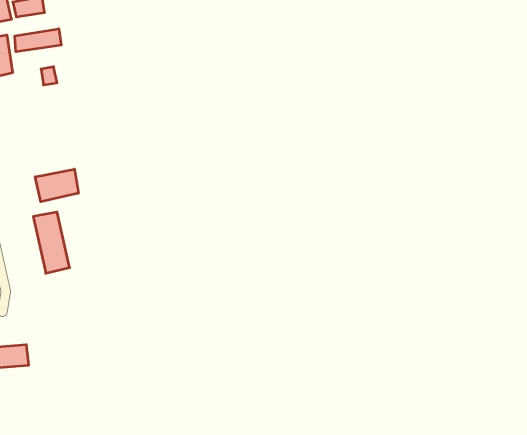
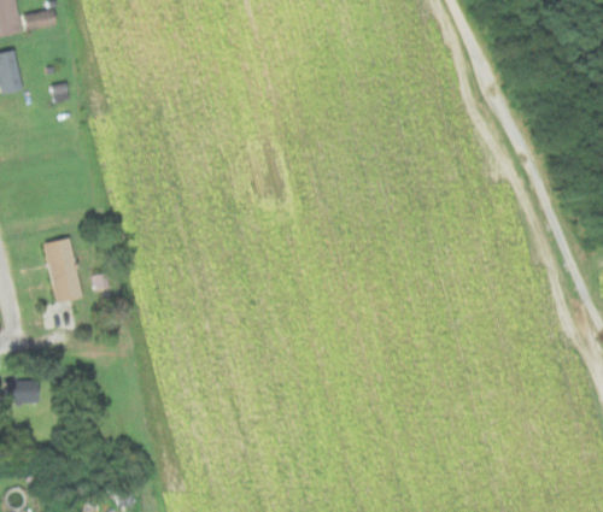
building: [15,29,61,52] -> none
building: [35,169,78,202] -> none

